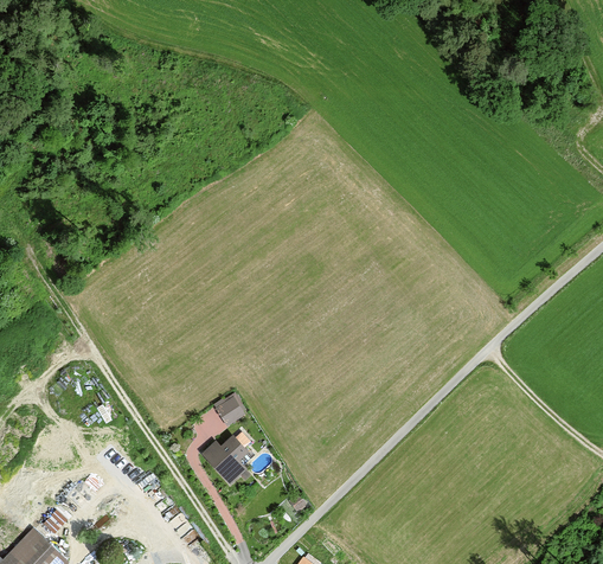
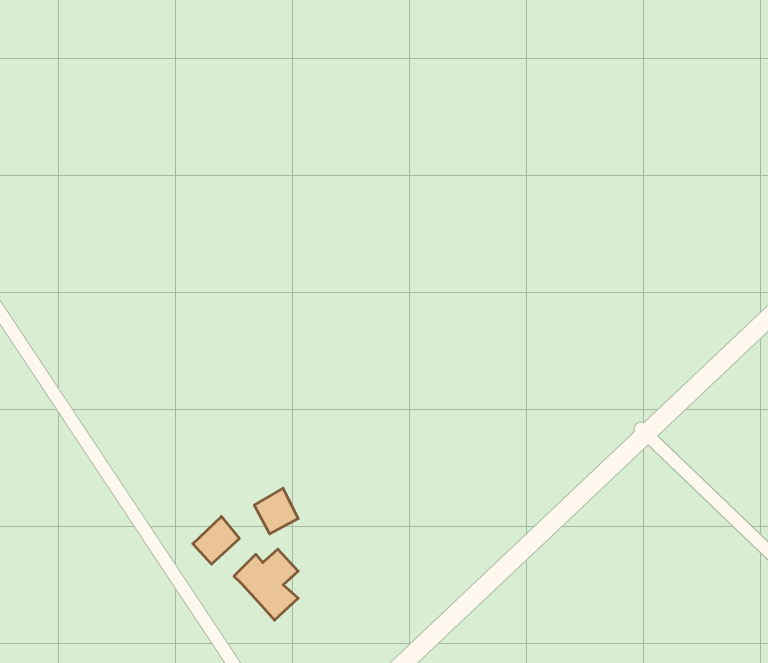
building: none -> [193,516,239,564]

